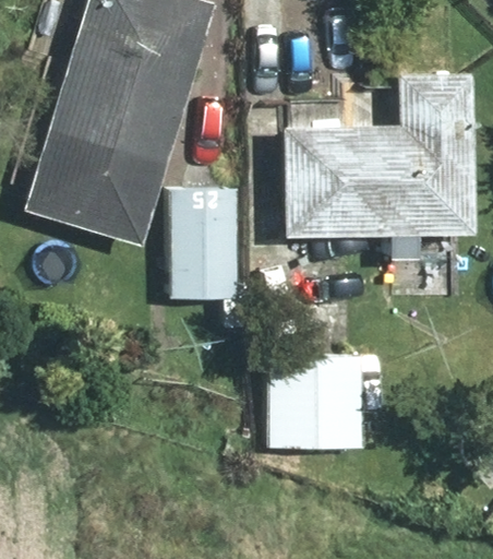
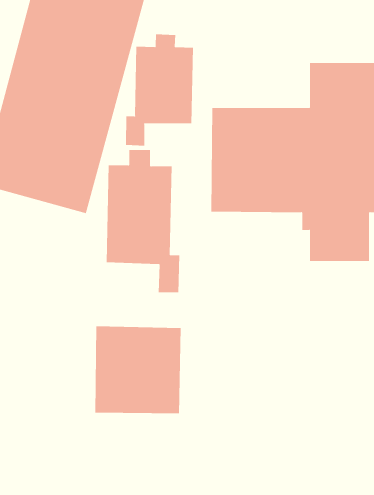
building: none -> [125,34,194,146]
building: [270,352,368,450] -> [95,326,182,414]

